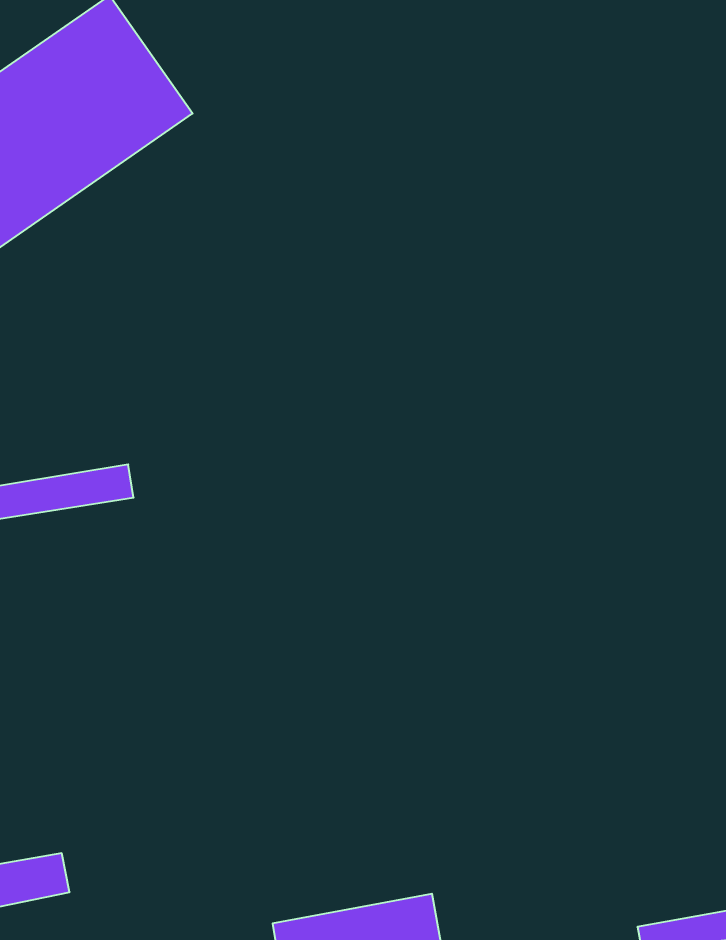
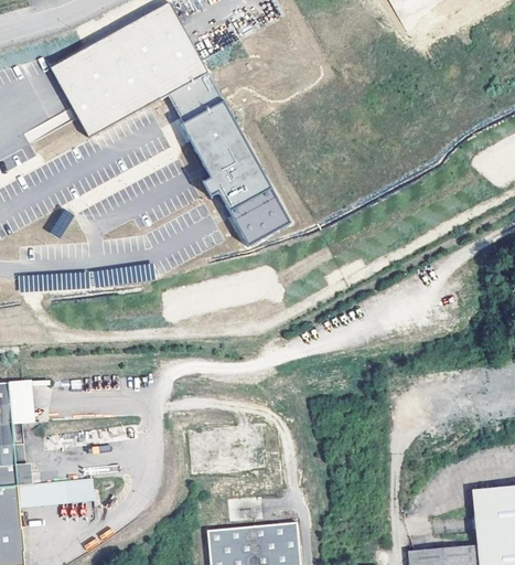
building: none -> [168,74,291,246]

